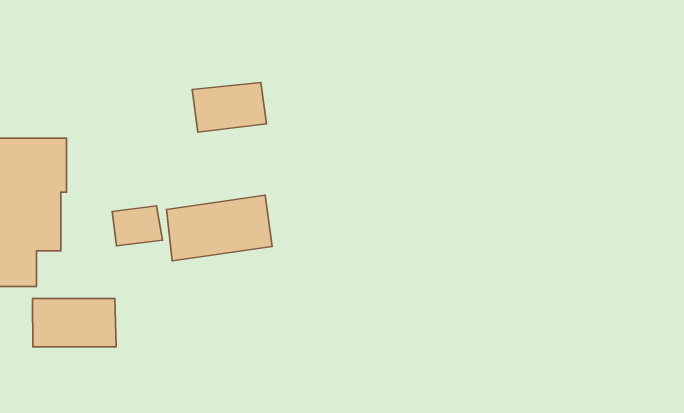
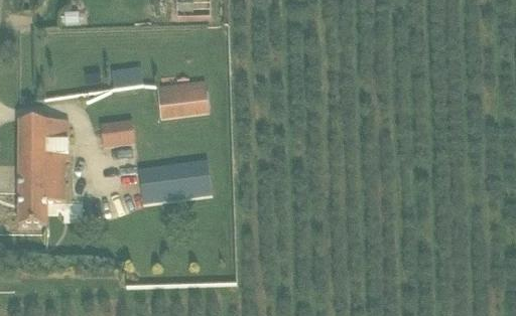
building: [112,206,162,246] -> [100,120,135,148]
building: [33,298,116,347] -> none

